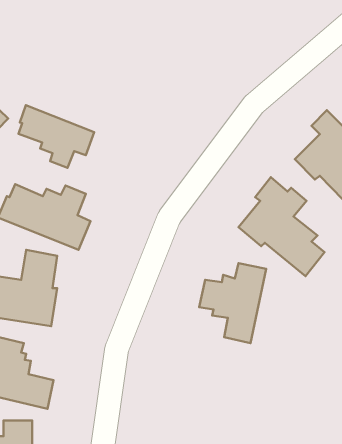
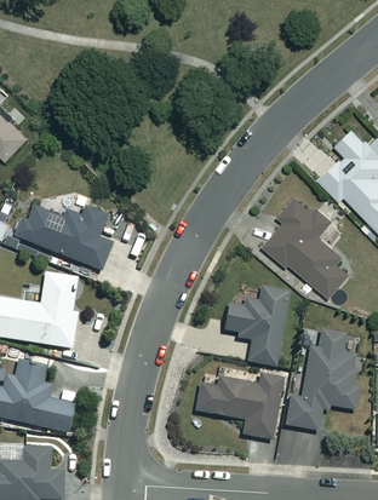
building: [18,105,94,168] -> none
building: none -> [284,328,356,430]
building: none -> [194,373,284,441]

